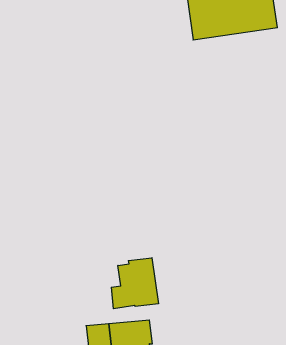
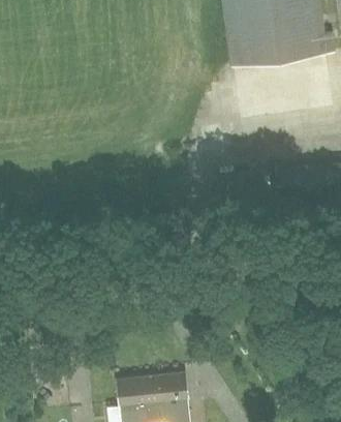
building: [111,258,158,309] -> none

